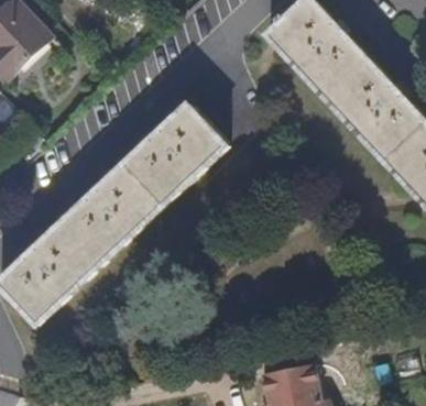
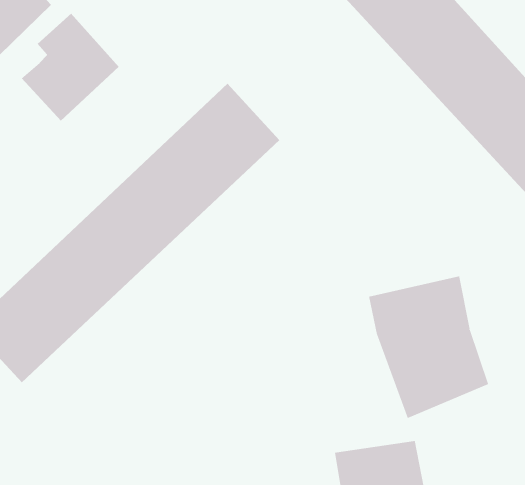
building: none -> [21,13,119,121]
building: none -> [369,275,489,419]

